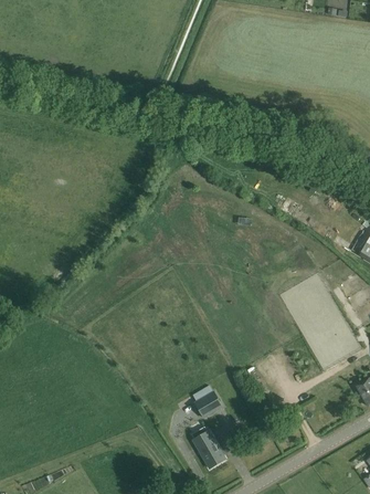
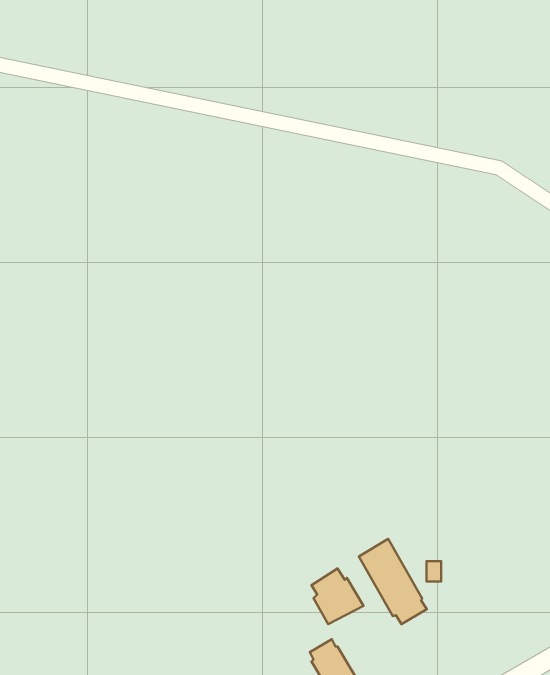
building: none -> [359,539,427,624]

